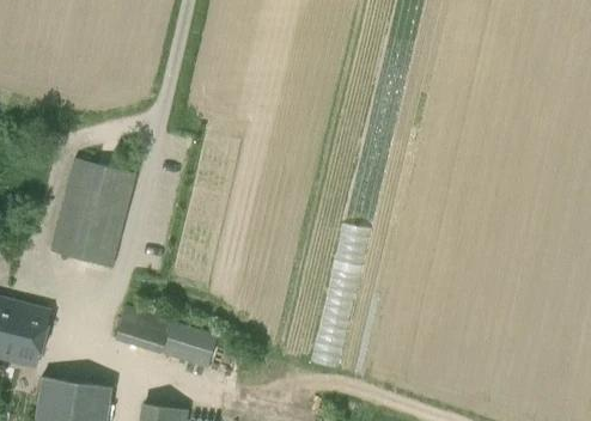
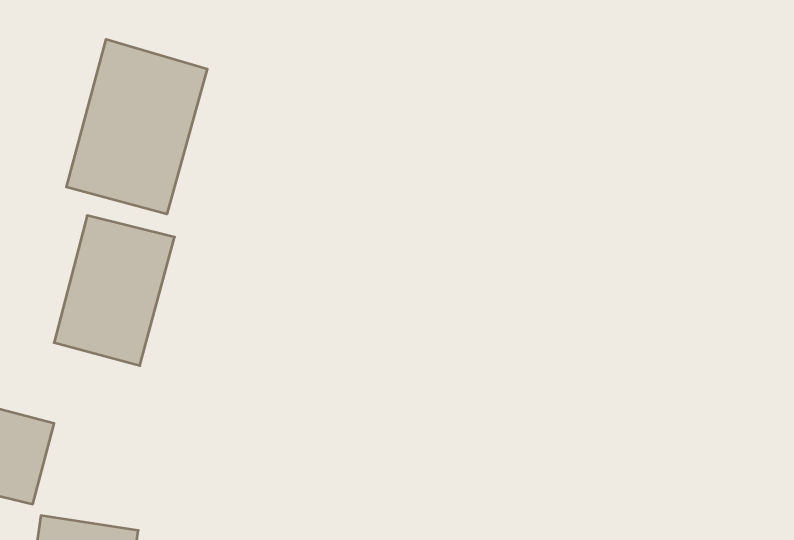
building: none -> [66,39,207,214]
building: [114,306,217,368] -> none

